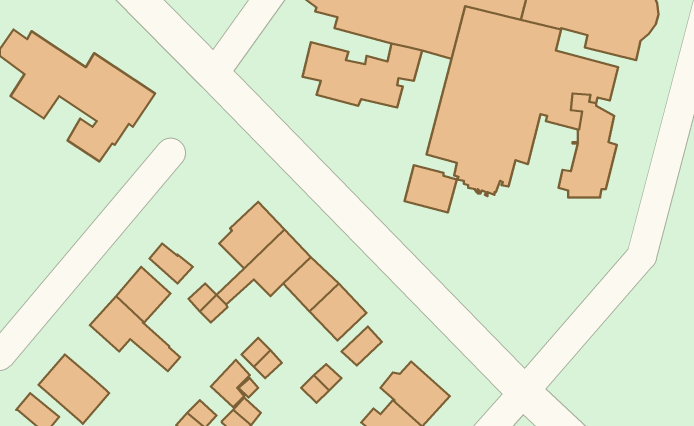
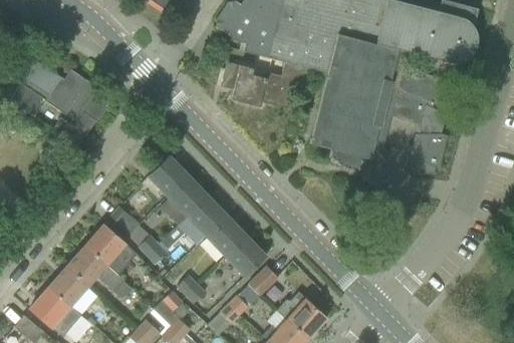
building: [405,165,457,212] -> none
building: none -> [149,155,189,196]
building: none -> [49,266,88,305]

